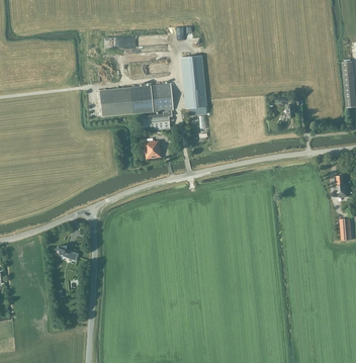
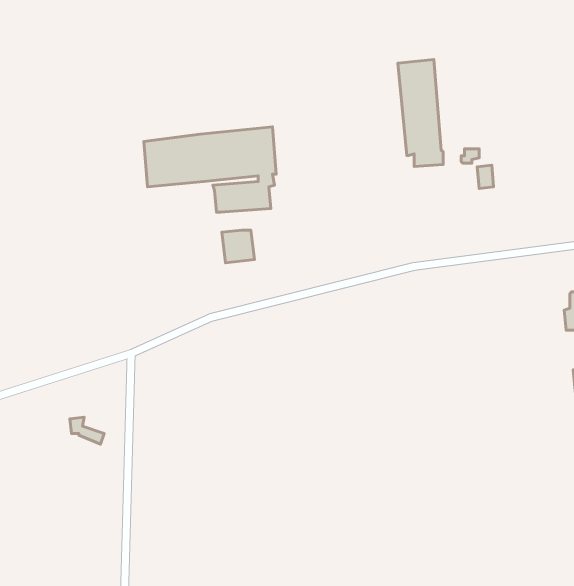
building: [181,55,206,114] -> [398,59,443,166]

